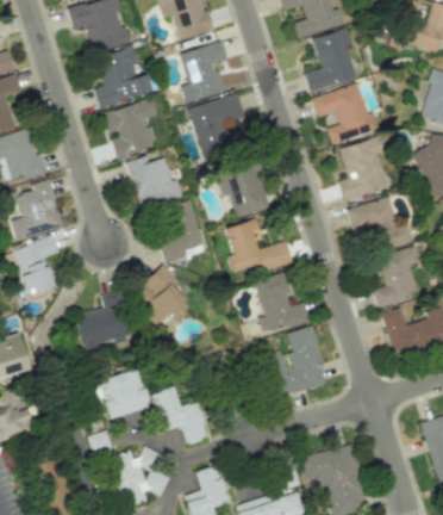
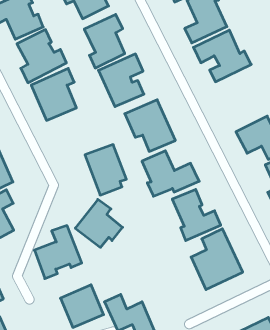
building: [339,137,388,200] -> none
building: [129,156,182,207] -> none

